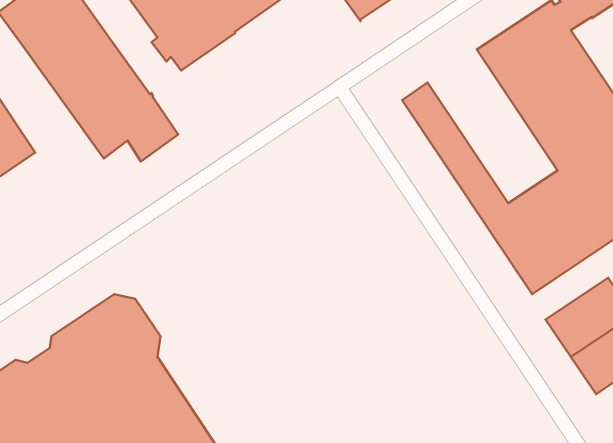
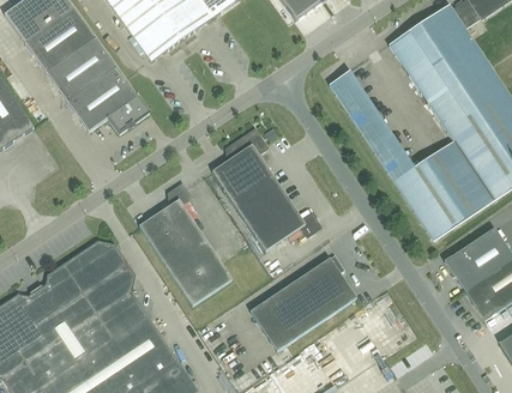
building: none -> [211,127,321,250]
building: none -> [139,182,231,304]
building: none -> [249,254,356,350]

